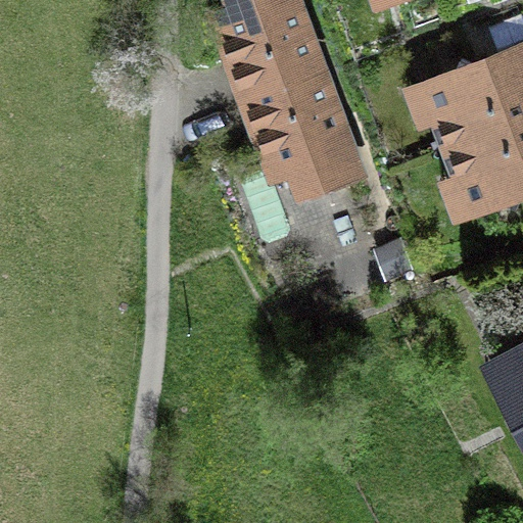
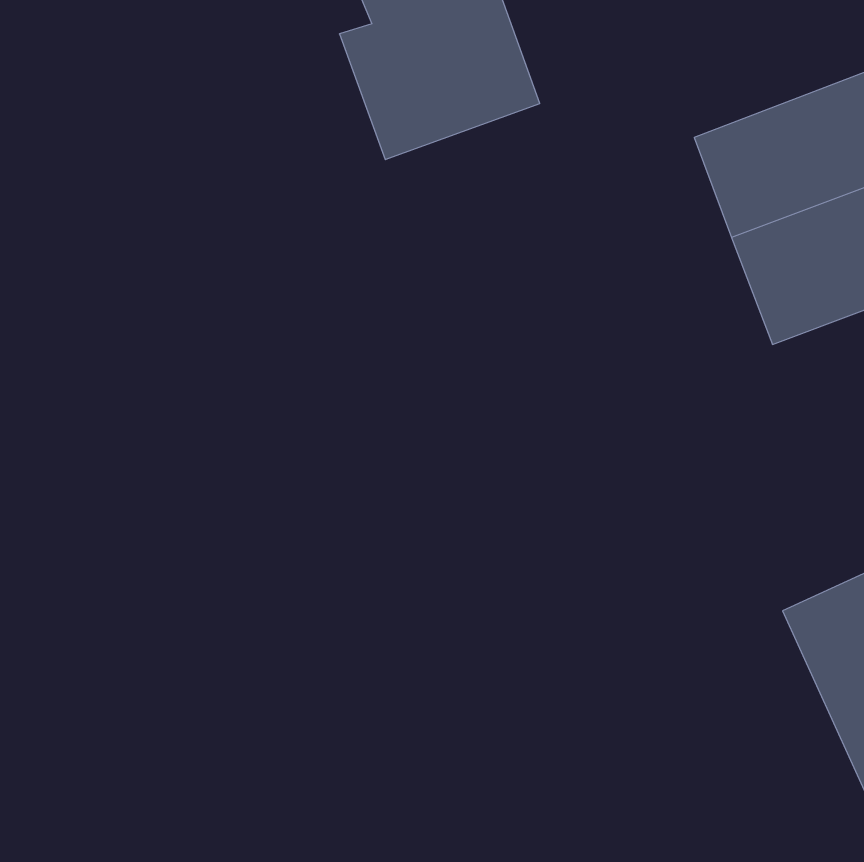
building: [234,62,371,207] -> none

